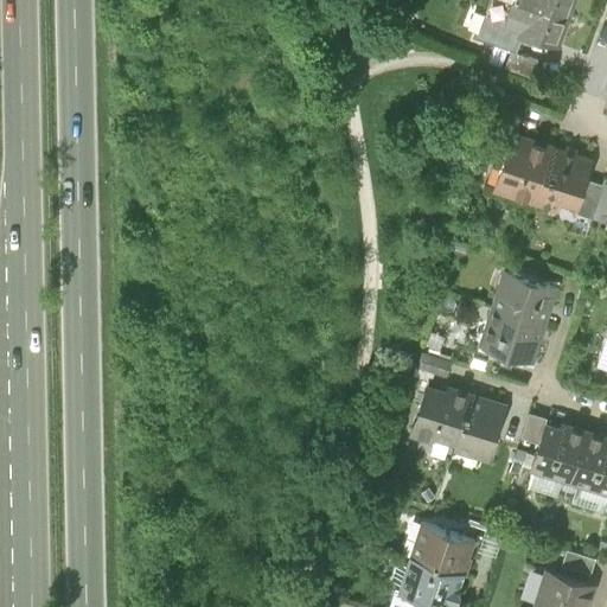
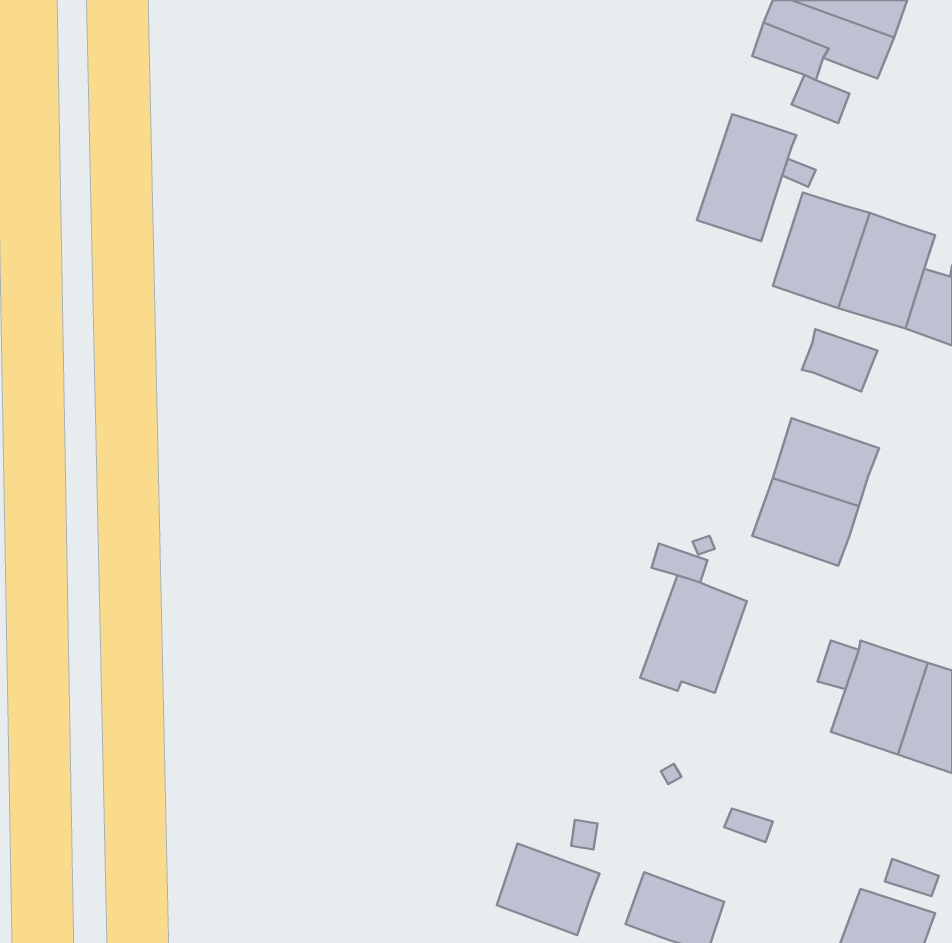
building: none -> [697,114,797,241]
building: none -> [802,329,877,392]
building: [452,389,510,466] -> none
building: [409,522,474,580] -> [497,844,600,935]

